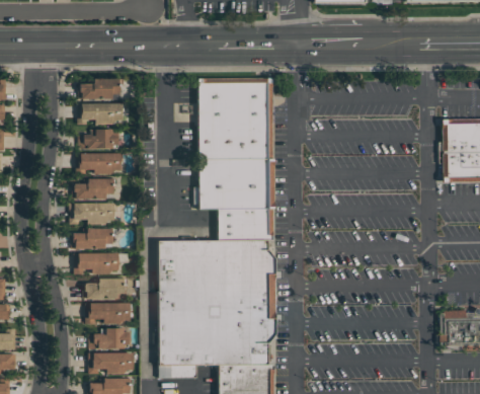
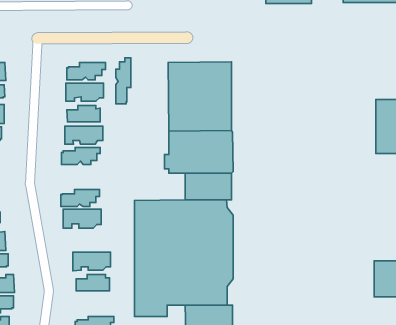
building: none -> [116,58,131,104]
building: [70,203,114,225] -> none
building: [84,279,130,299] -> none
building: [89,352,135,375] -> none

